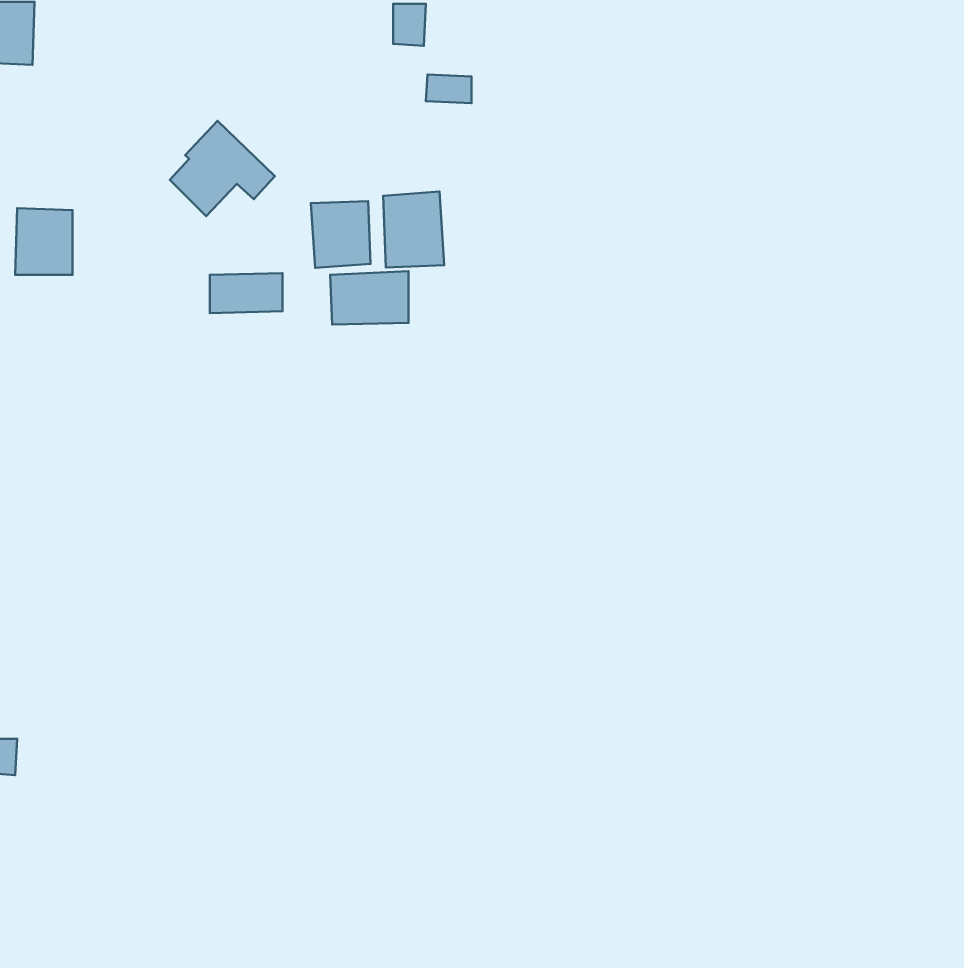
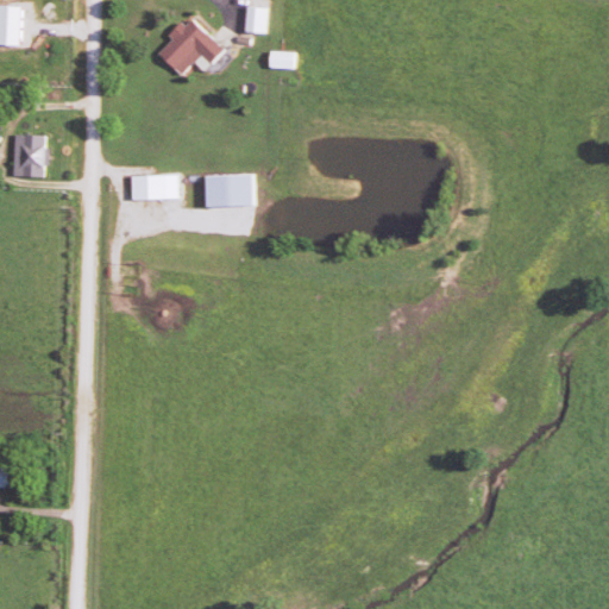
building: [170,121,275,216] -> [158,15,224,75]
building: [383,192,444,267] -> none
building: [311,201,371,268] -> none

